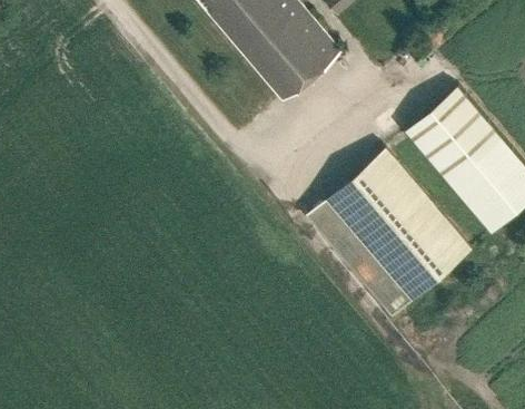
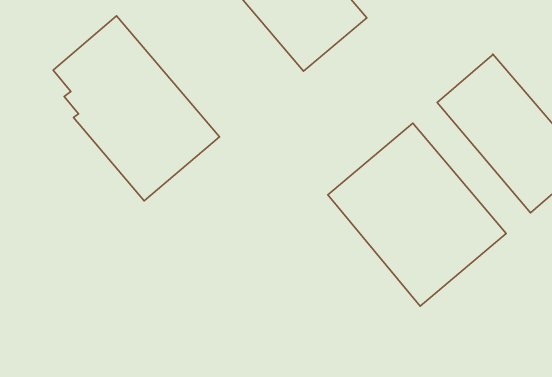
building: none -> [53,16,219,201]

